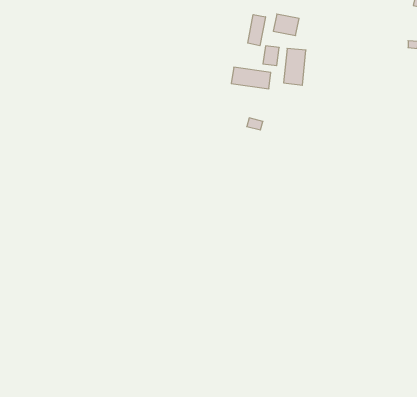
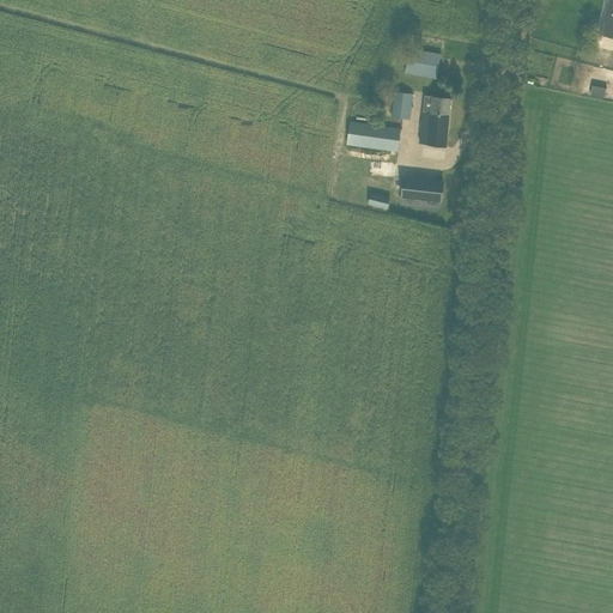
building: [248,15,265,46] -> none
building: none -> [411,178,443,210]

